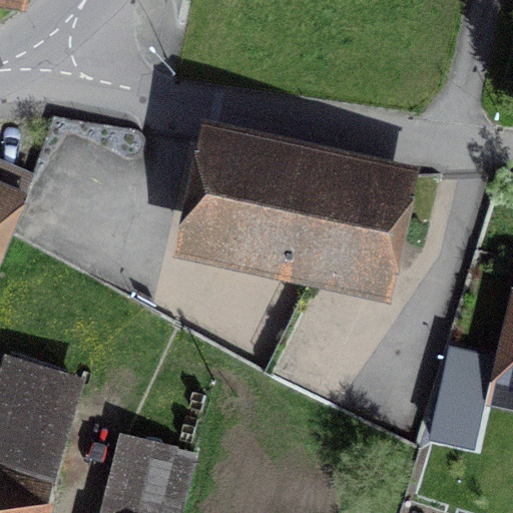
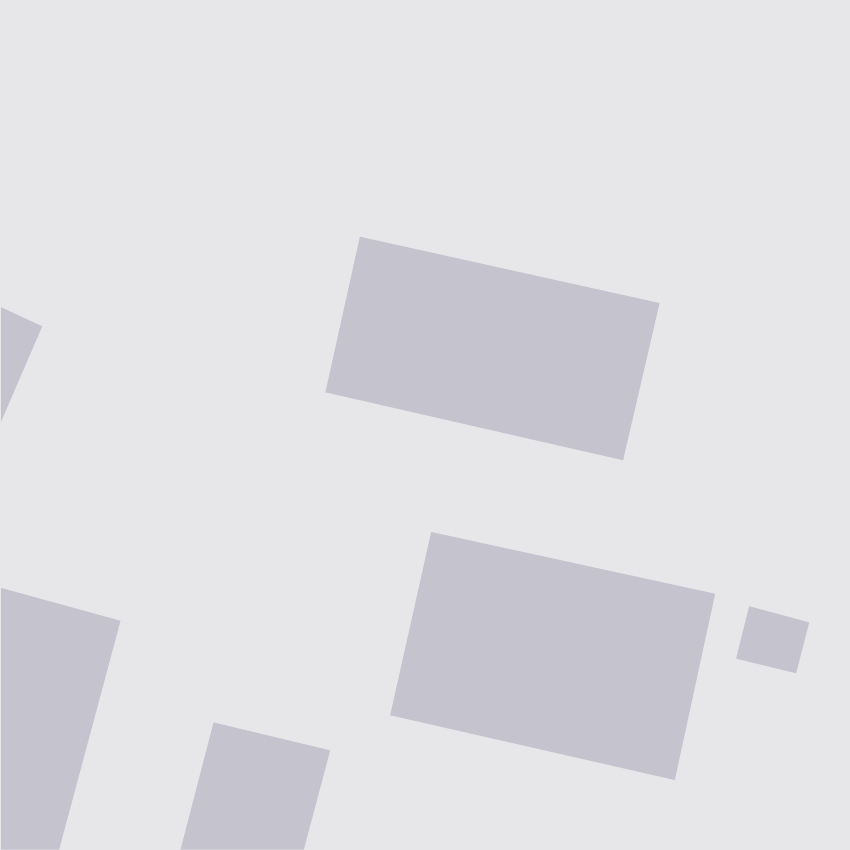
building: none -> [390,531,716,781]

